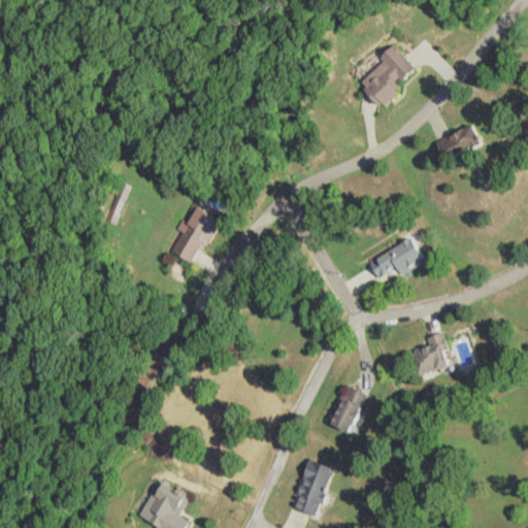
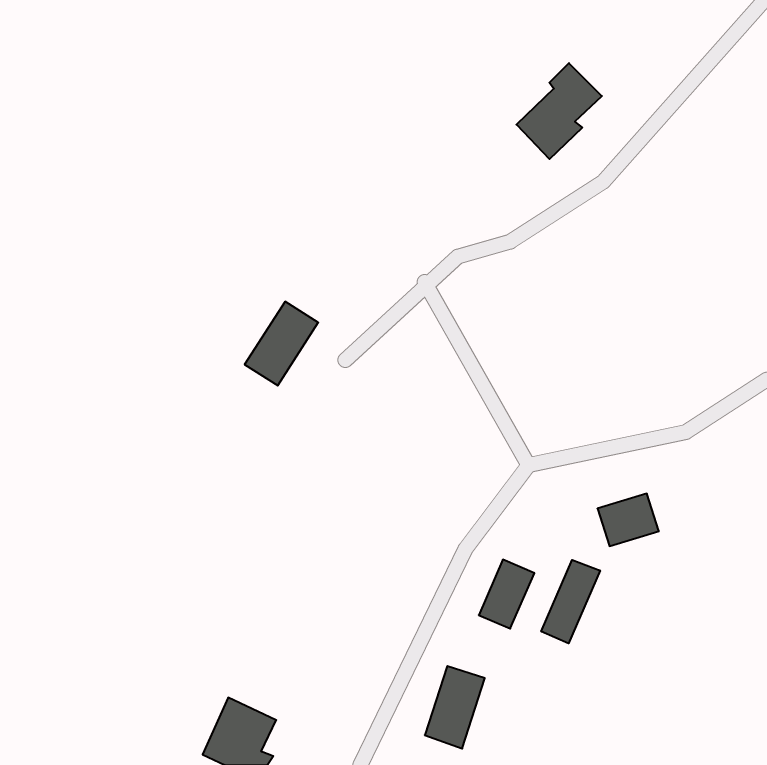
building: [434,128,473,159] -> none
building: [368,237,423,283] -> none
building: none -> [541,560,600,643]

